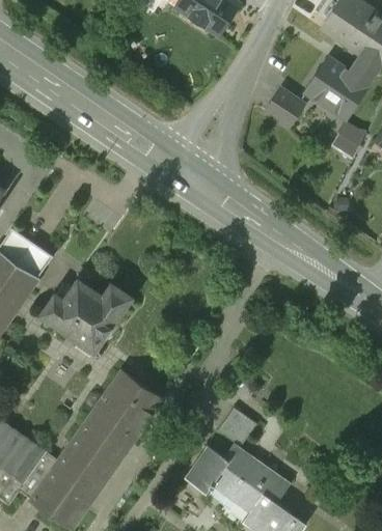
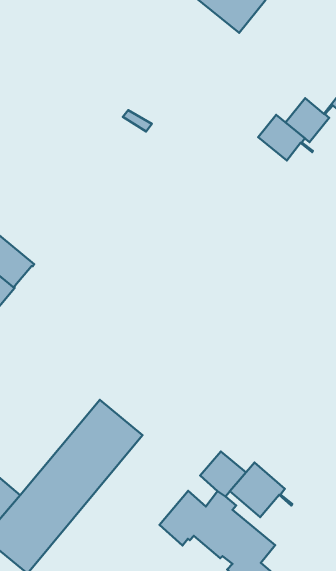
building: none -> [258,115,313,160]
building: [39,280,131,353] -> none
building: none -> [230,463,292,517]

